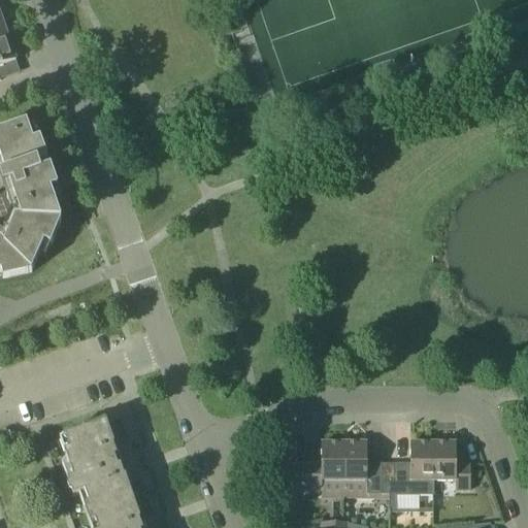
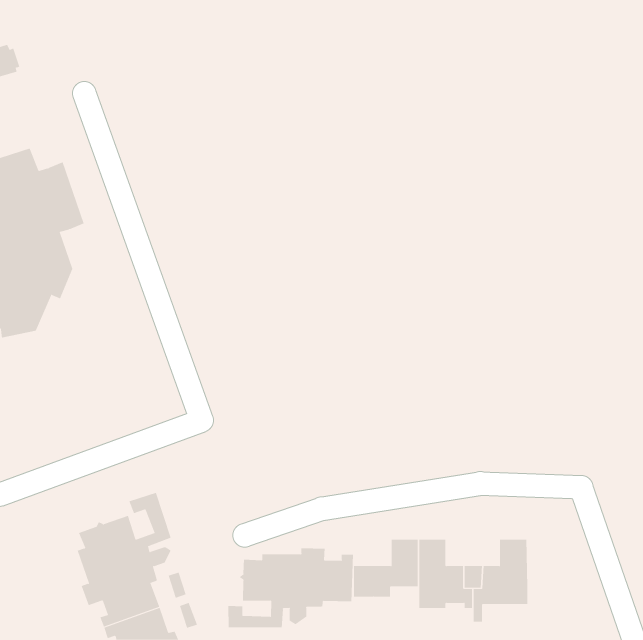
building: [431,440,469,489] -> none
building: none -> [228,547,353,628]

